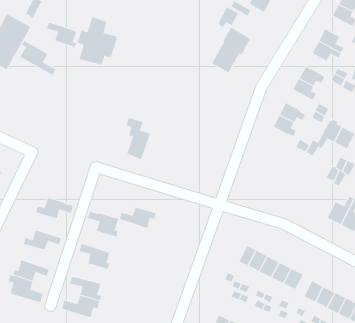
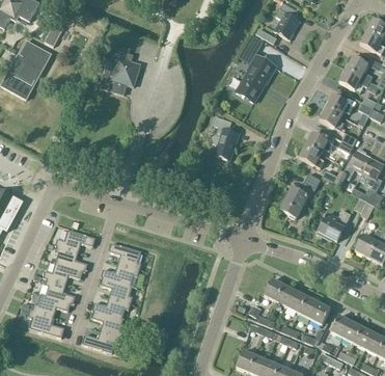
building: [46,22,78,48] -> none
building: [18,41,56,75] -> none
building: [125,117,151,160] -> [213,116,239,160]
building: none -> [280,172,320,218]
building: none -> [317,210,350,241]
building: [119,207,156,228] -> [101,264,139,286]
building: none -> [55,245,87,272]
building: none -> [45,278,75,304]
building: none -> [91,297,130,318]

